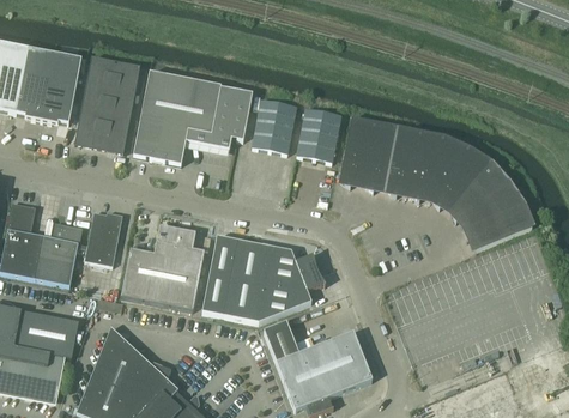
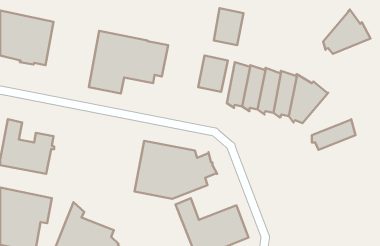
building: [74,57,139,151] -> none
building: [252,98,296,153] -> [214,8,244,45]
building: [452,160,522,226] -> [323,9,371,54]
building: [81,211,122,265] -> none
building: [121,224,204,309] -> none

